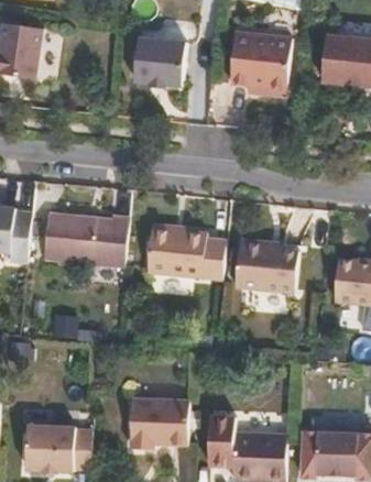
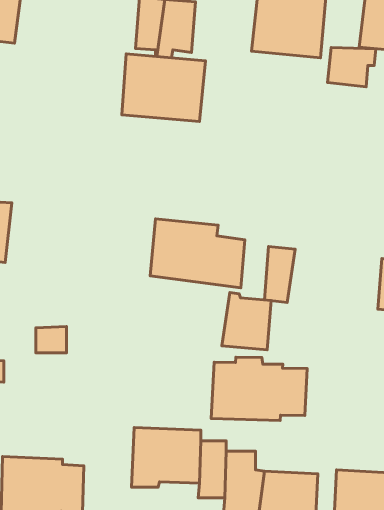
building: none -> [328,47,376,87]
building: none -> [122,54,205,121]
building: [45,208,130,267] -> none
building: [261,249,302,296] -> [222,293,271,350]
building: none -> [211,357,307,420]

